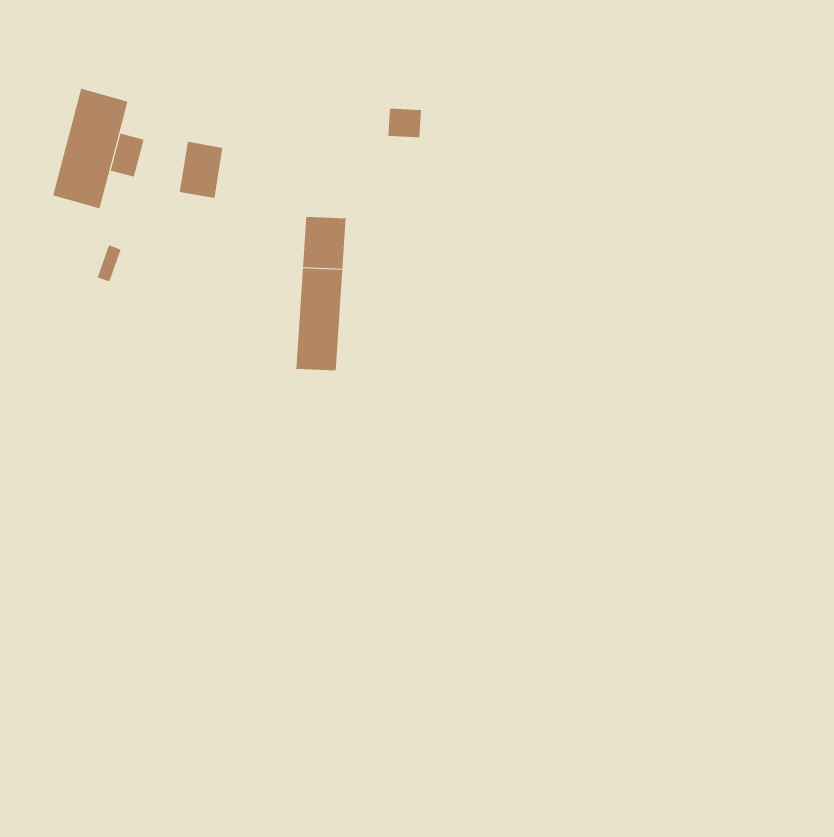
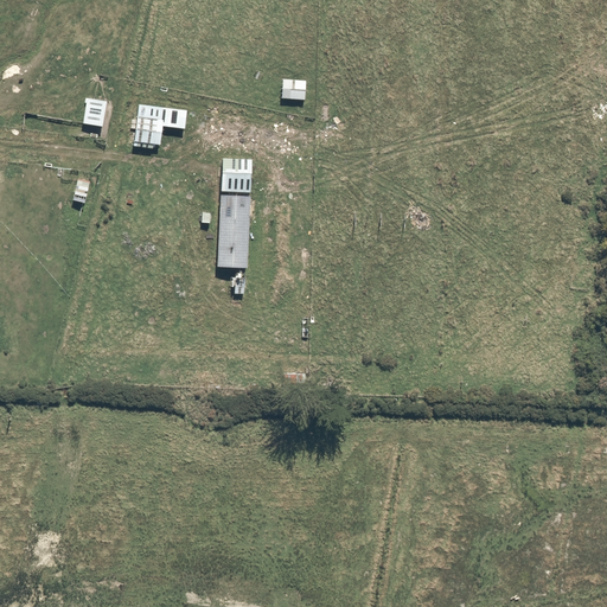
building: [53,88,128,209] -> none

